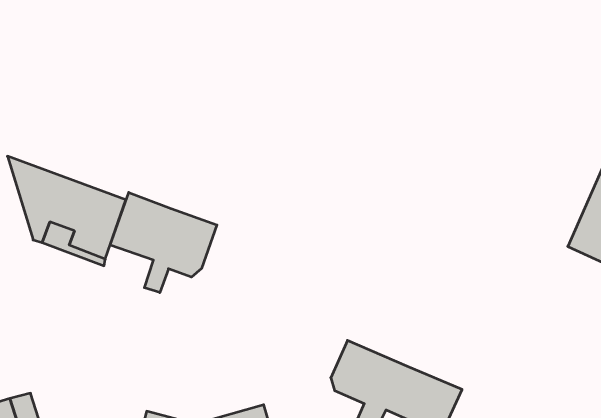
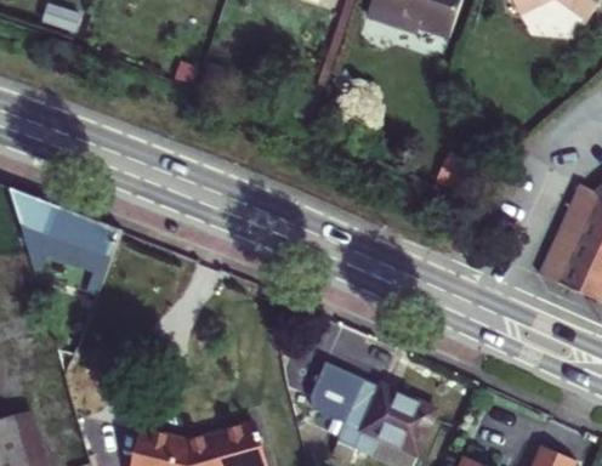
building: [110,192,217,293] -> none

